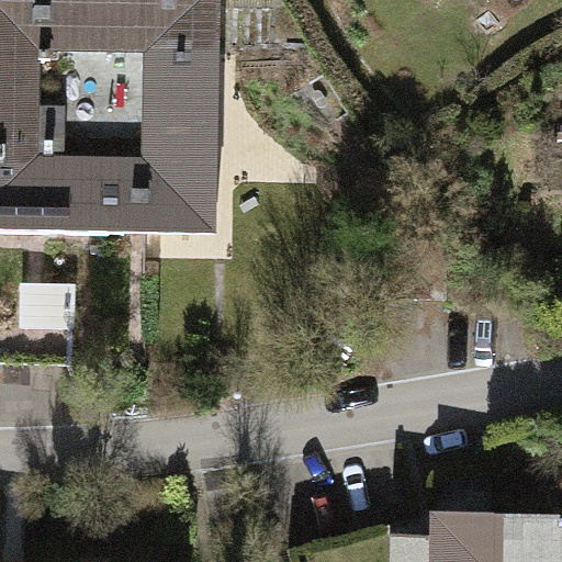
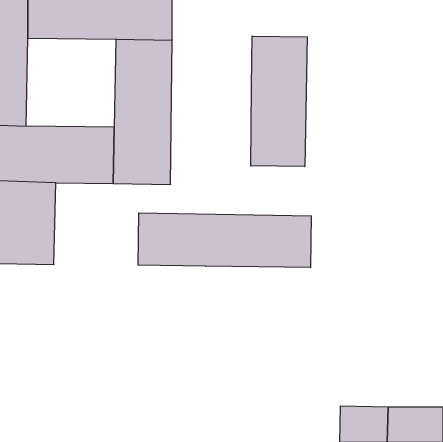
building: none -> [251,36,307,167]
building: none -> [138,213,311,268]

